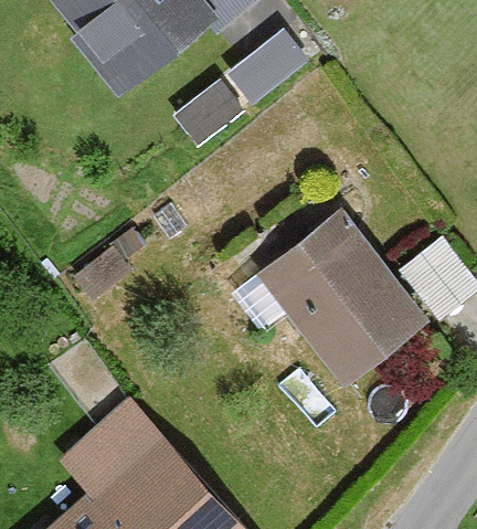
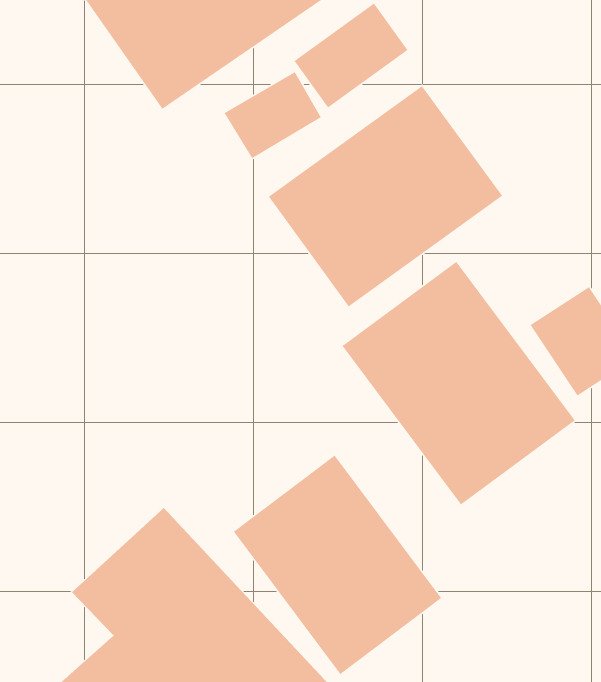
building: none -> [268,85,503,307]
building: none -> [233,454,442,675]

